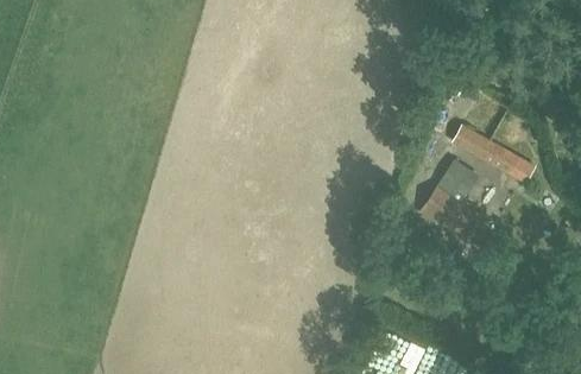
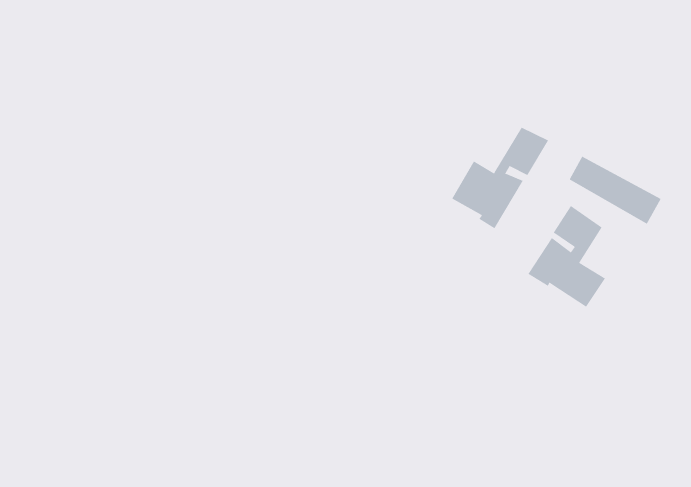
building: none -> [451,127,549,229]

